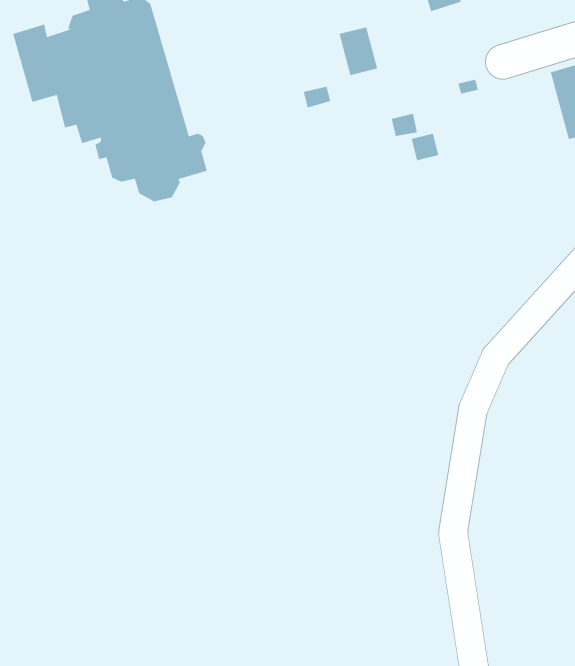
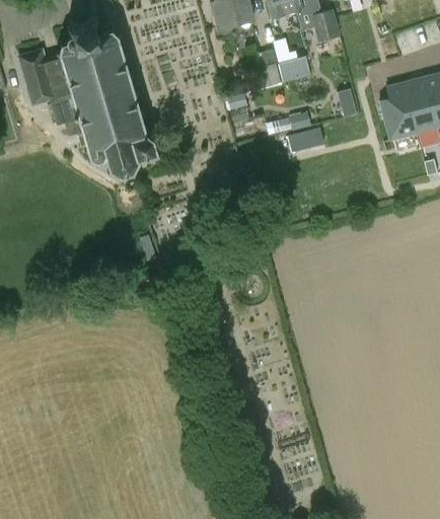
building: none -> [279,58,311,82]
building: none -> [379,84,416,140]

